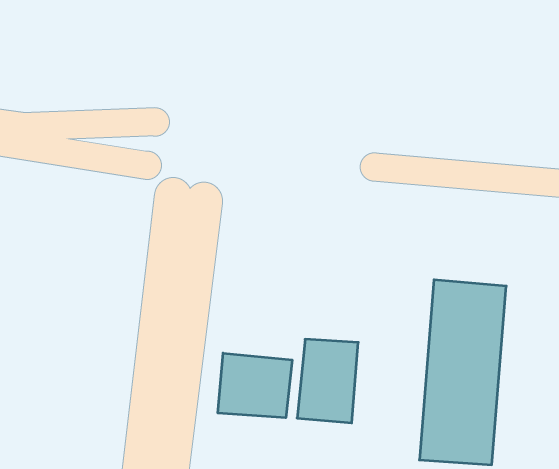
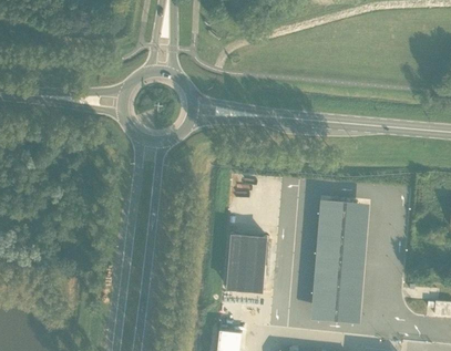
building: [218,353,292,418] -> none

